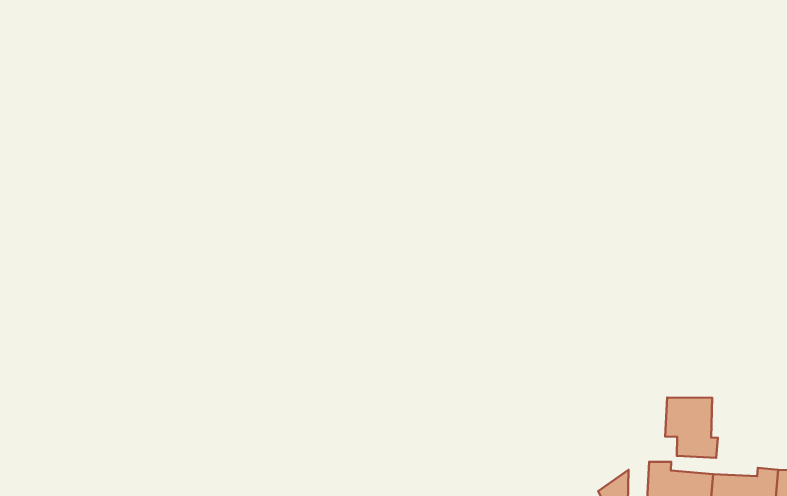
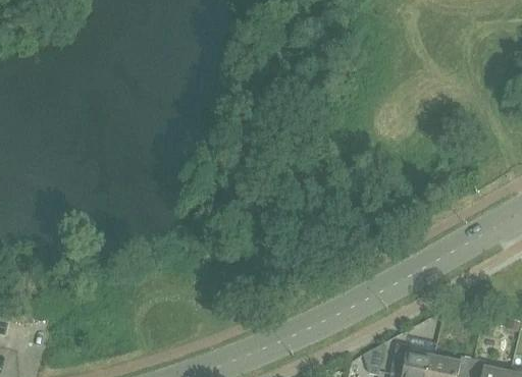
building: [665,397,718,458] -> none

